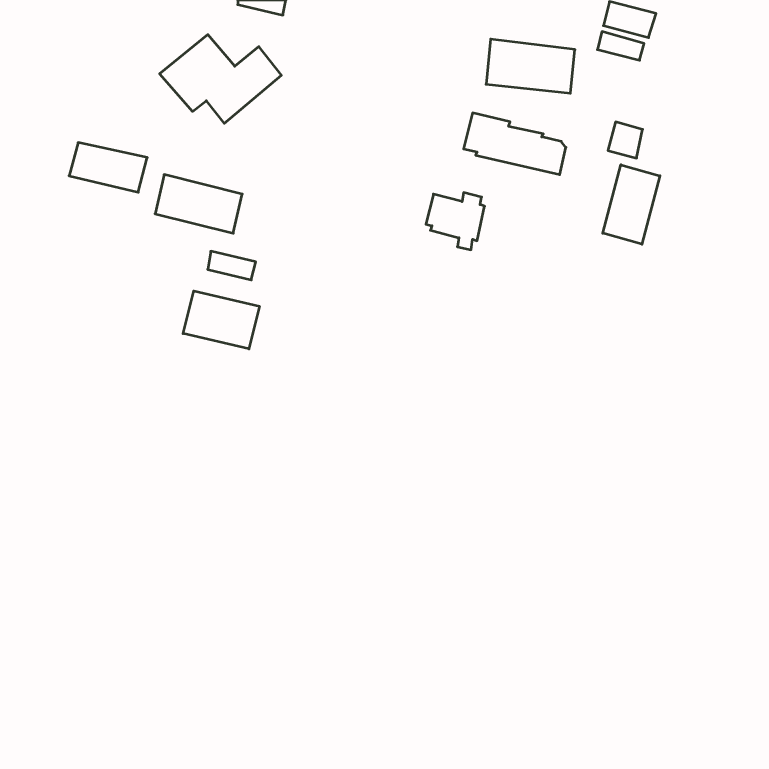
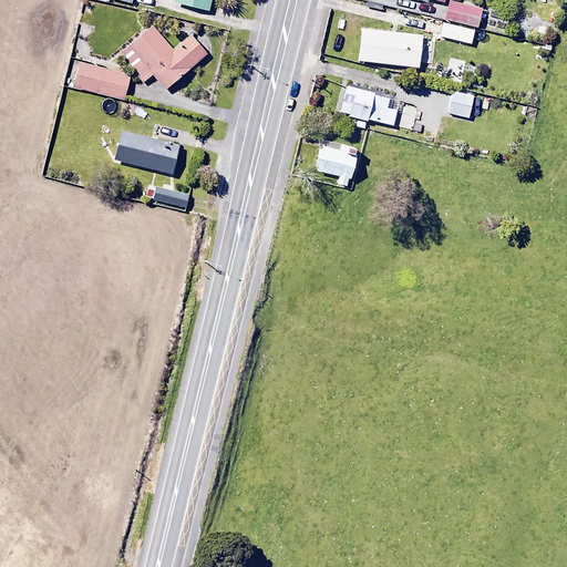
building: [69,143,147,192] -> [73,63,131,100]
building: [603,165,660,244] -> none
building: [183,291,259,349] -> none

